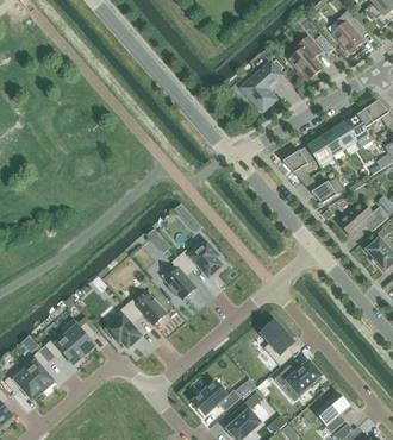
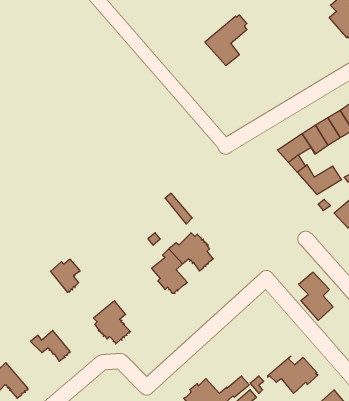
building: [289,36,323,80] -> none
building: [242,61,282,109] -> [205,15,247,65]
building: [126,294,167,325] -> none
building: [261,320,294,366] -> [299,272,333,320]
building: [67,322,95,354] -> [50,259,80,292]
building: [21,351,54,390] -> none

